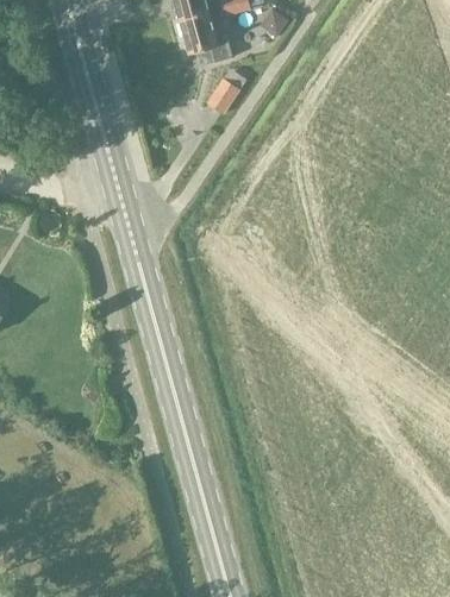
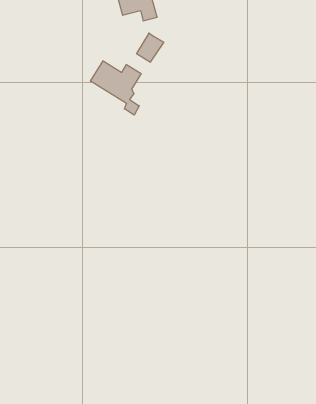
building: none -> [90,61,141,115]

